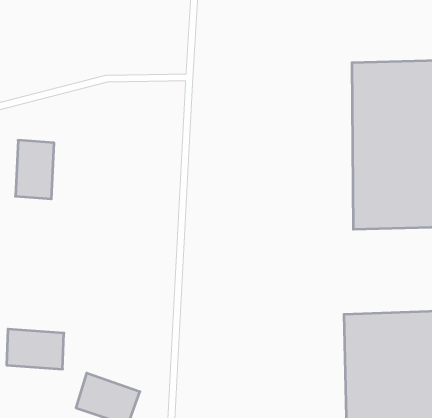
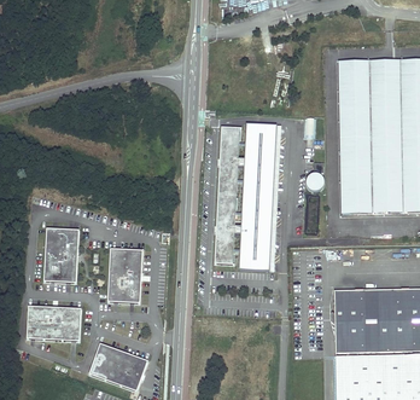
building: none -> [211,122,279,269]
building: [15,140,54,199] -> [49,226,84,279]
building: none -> [107,247,142,300]

